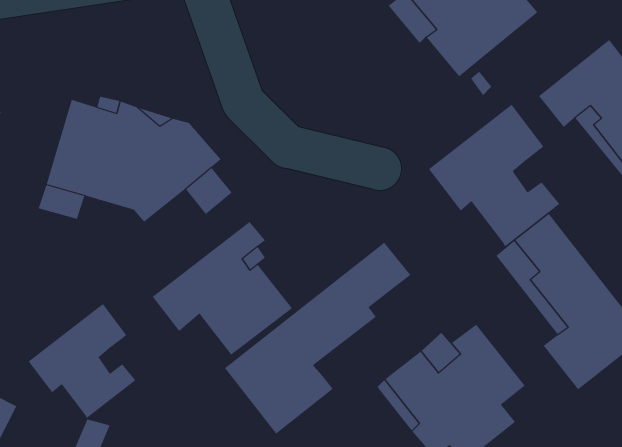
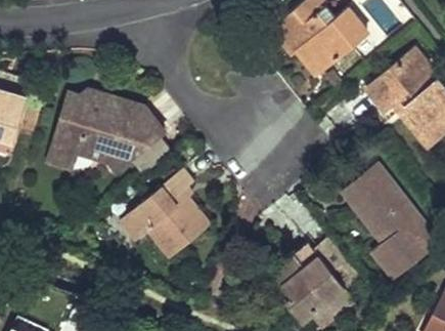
building: [428,104,560,247] -> none
building: [224,242,411,434] -> none
building: [28,303,136,419] -> none

